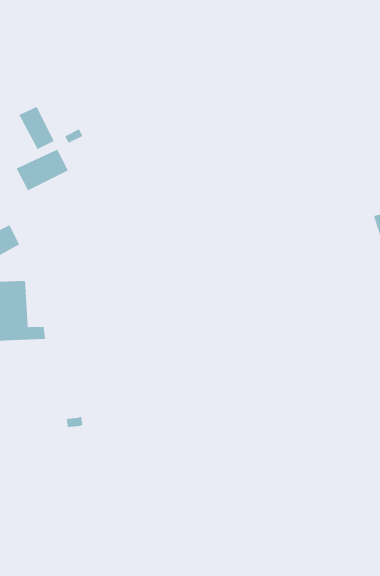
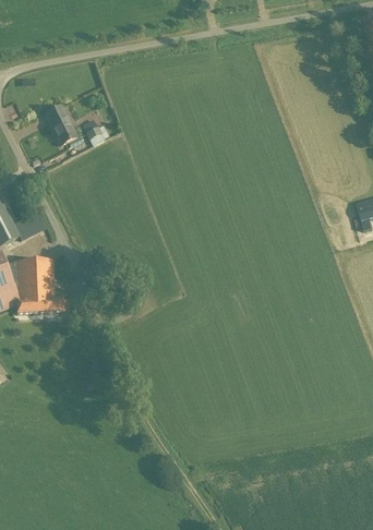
building: [16,149,68,191] -> none

